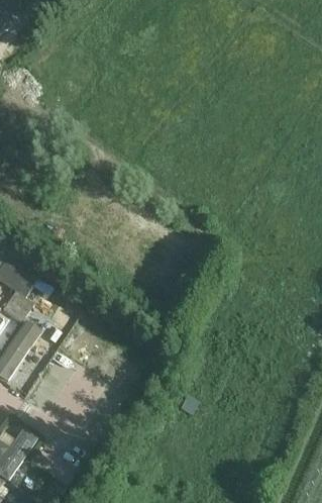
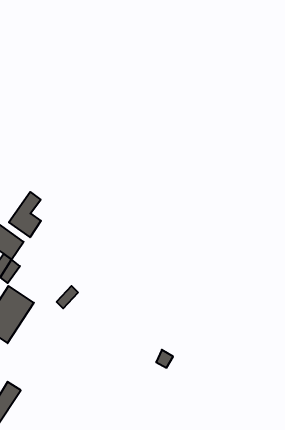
building: none -> [9,192,41,237]

